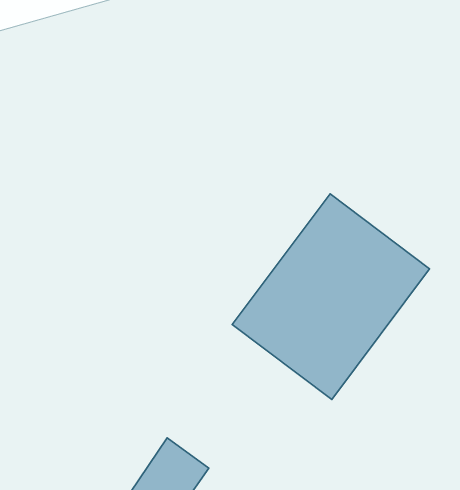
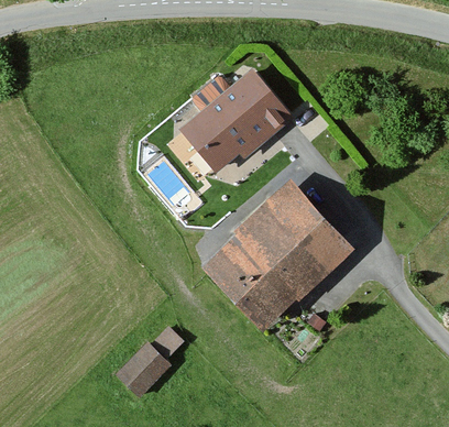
building: none -> [178,65,293,175]

